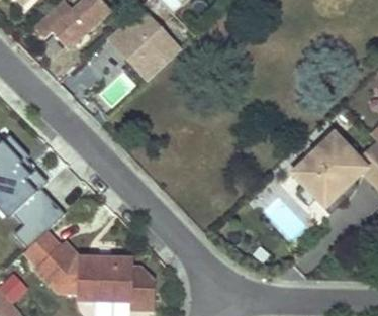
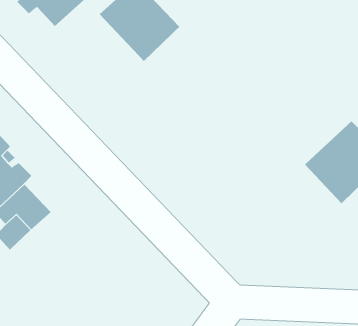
building: [36,245,154,308] -> none

